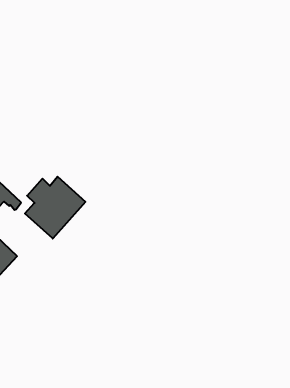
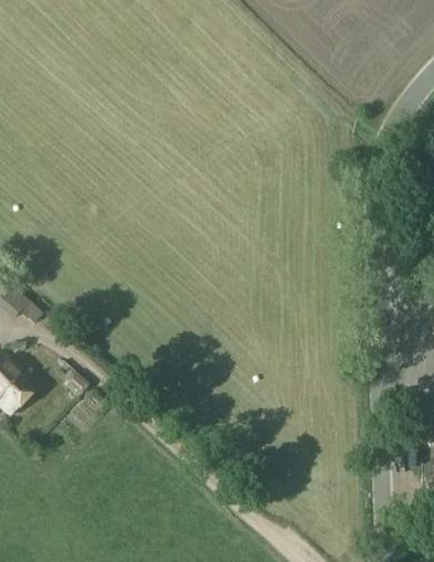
building: [25,177,85,239] -> none

